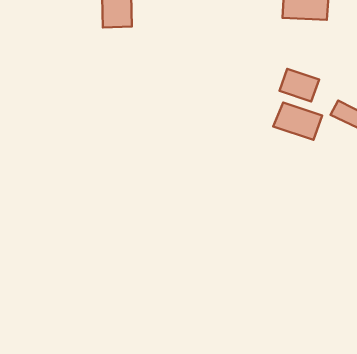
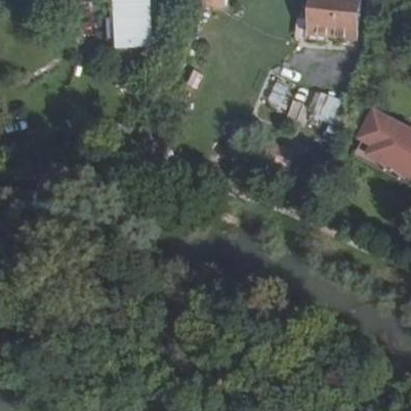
building: [273,102,322,140] -> none

